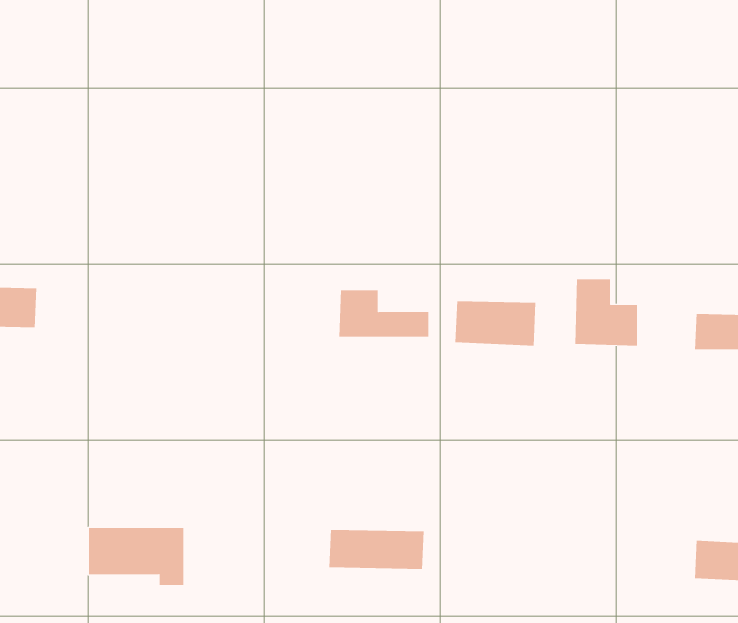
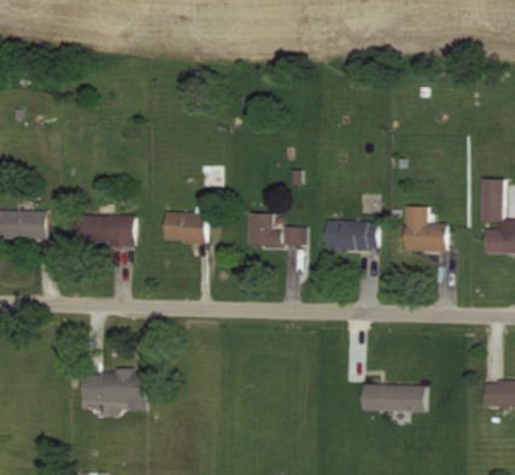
building: none -> [480,178,503,221]
building: none -> [162,212,203,242]
building: none -> [72,213,135,246]
building: [328,529,425,569] -> [361,385,425,411]

